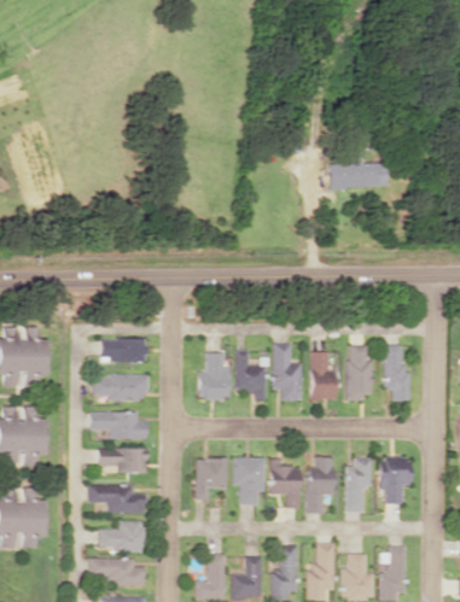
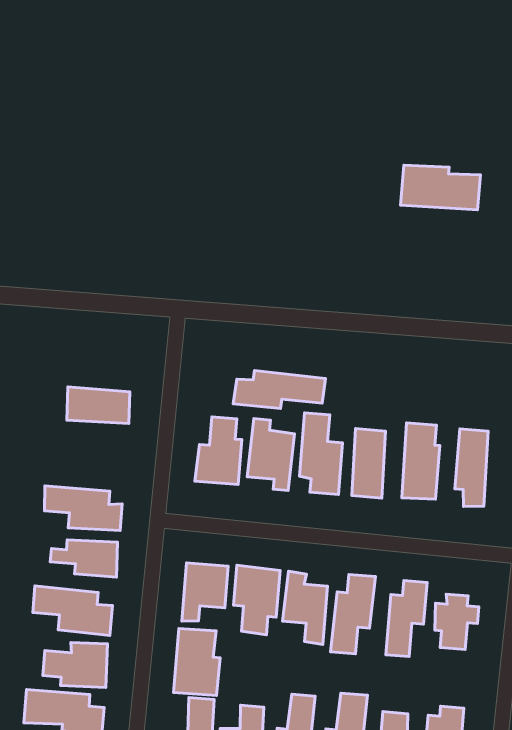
building: none -> [233,371,326,409]
building: [94,375,150,402] -> none
building: none -> [174,628,220,695]

